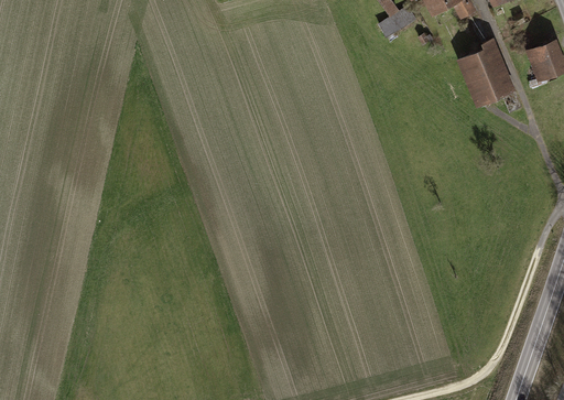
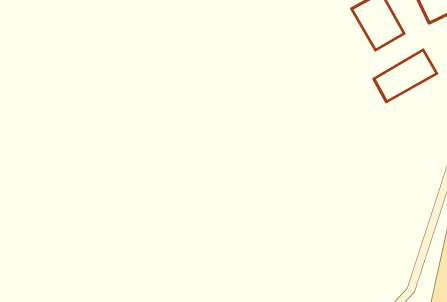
building: none -> [374,50,437,102]

